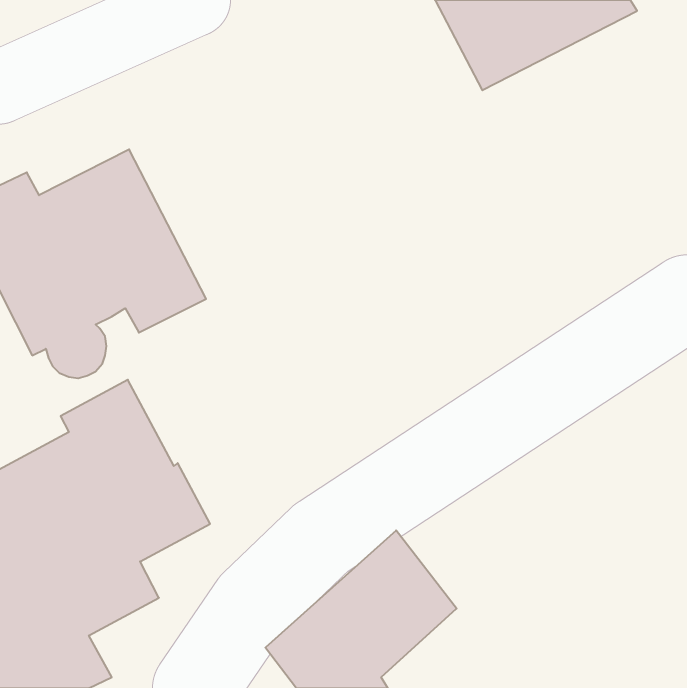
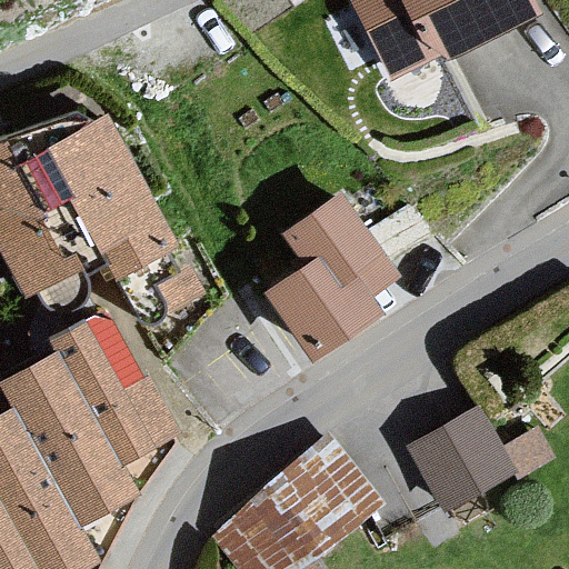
building: none -> [273,199,390,353]
building: none -> [417,413,545,505]

